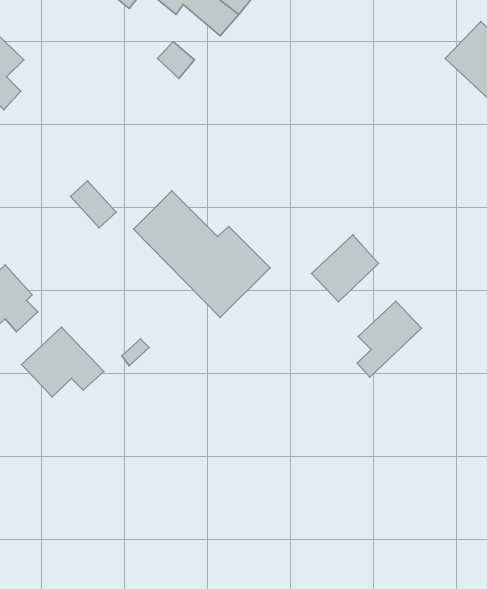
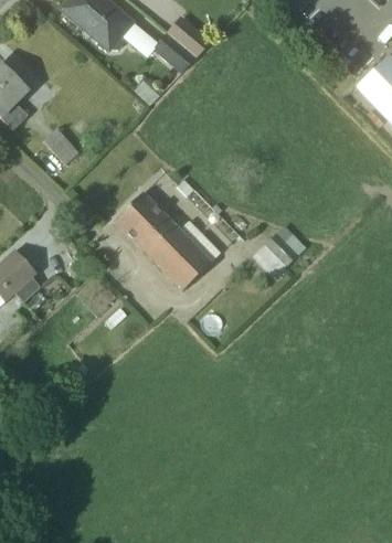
building: [71,181,116,228] -> [43,127,78,163]
building: [357,301,421,377] -> none
building: [22,327,104,397] -> none

